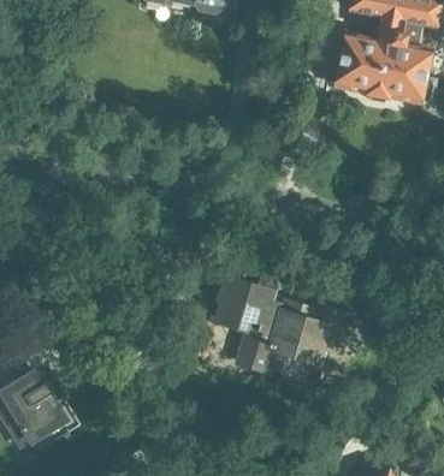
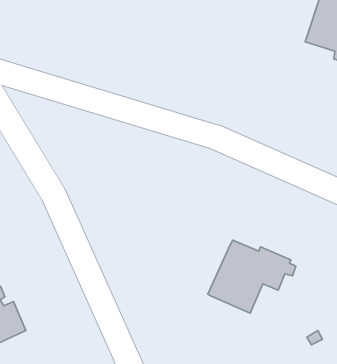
building: [215,280,283,370] -> none

